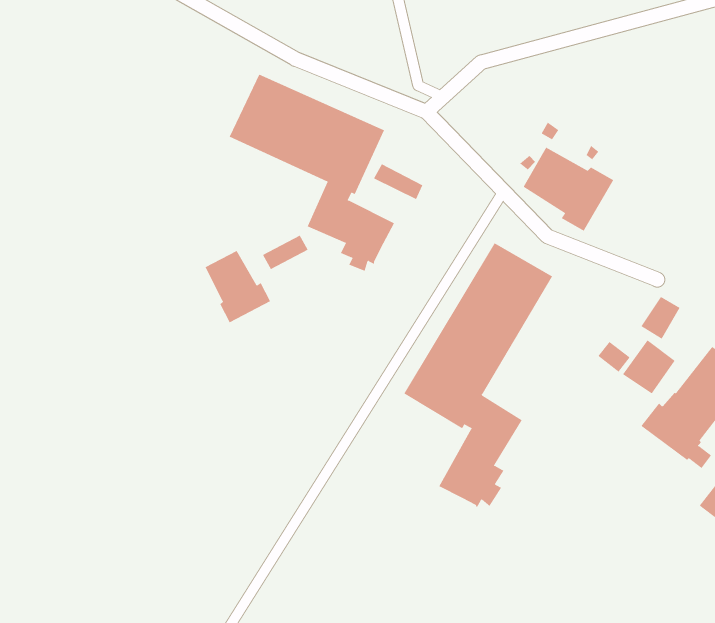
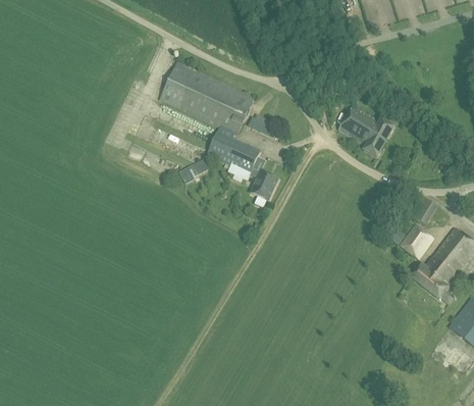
building: [403,243,553,509] -> none
building: none -> [248,167,278,202]
building: [205,250,271,323] -> none

